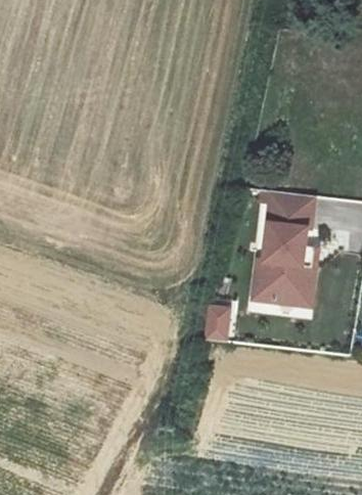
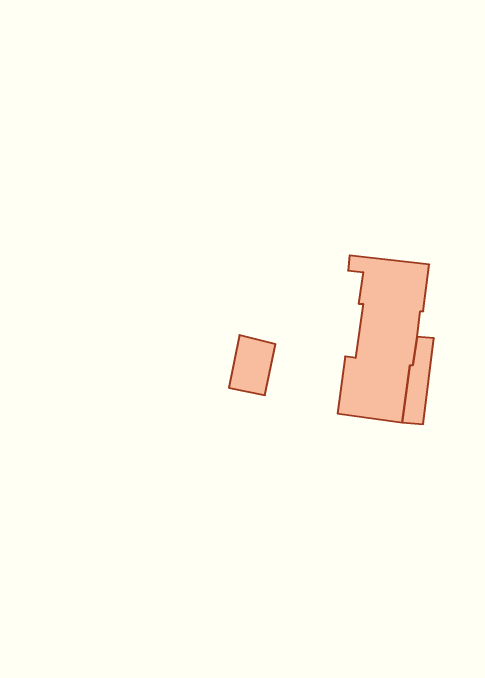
building: [203,304,235,345] -> [229,335,275,395]

